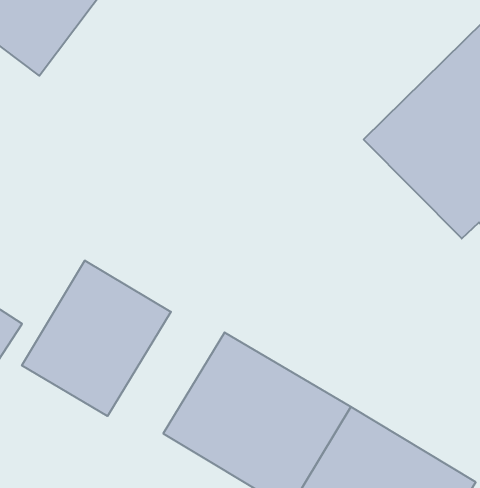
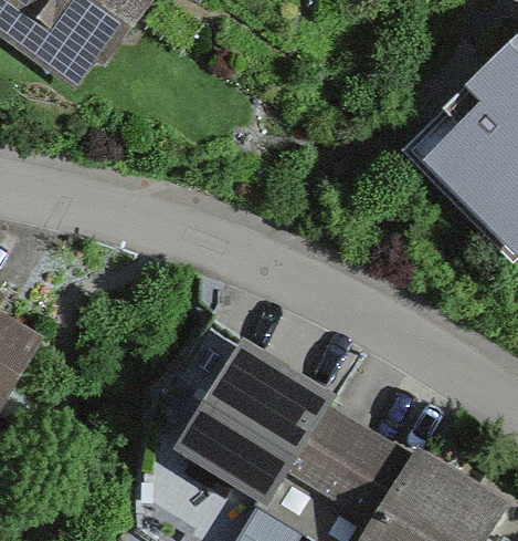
building: [22,260,171,416] -> none

